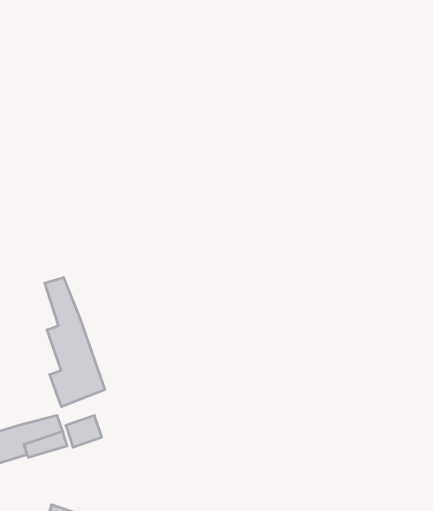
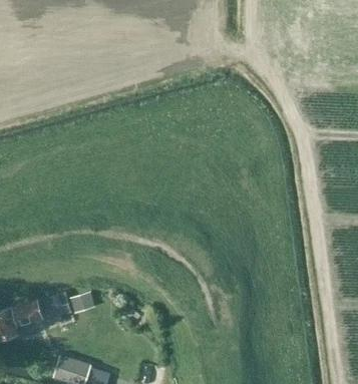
building: [45,277,105,407] -> none

